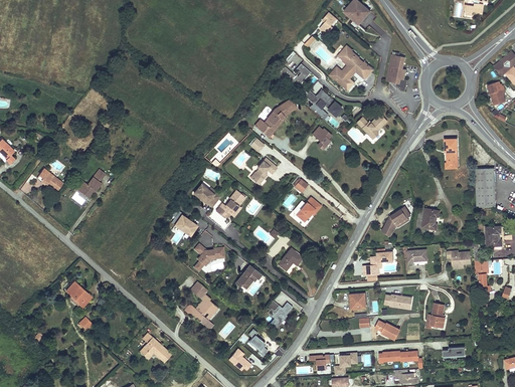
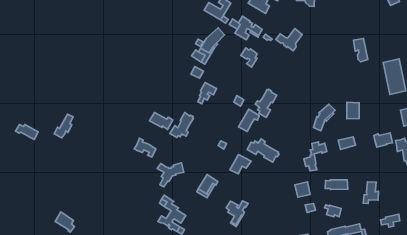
building: none -> [255,89,277,118]
building: none -> [247,139,279,162]

